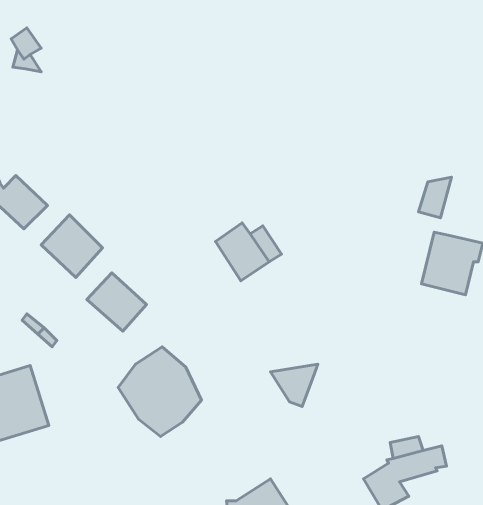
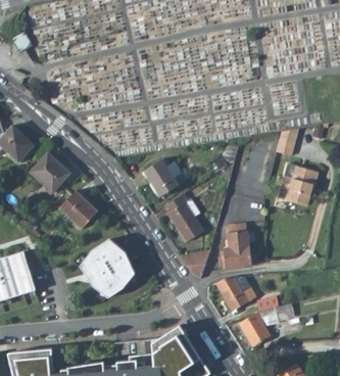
building: none -> [164,193,203,241]
building: none -> [220,224,256,270]
building: none -> [215,276,255,311]

